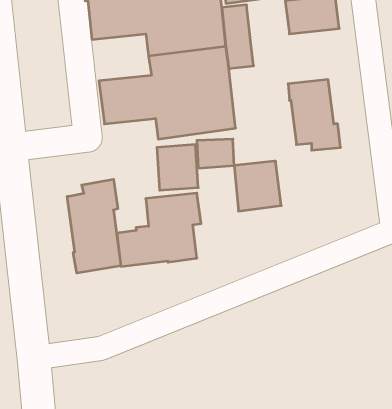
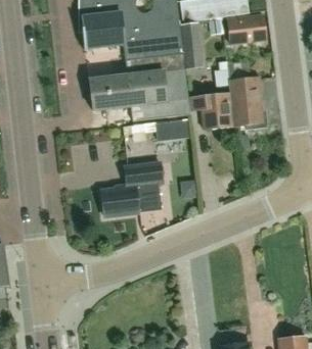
building: [234,161,281,211] -> [199,92,234,129]
building: [67,179,121,273] -> none

